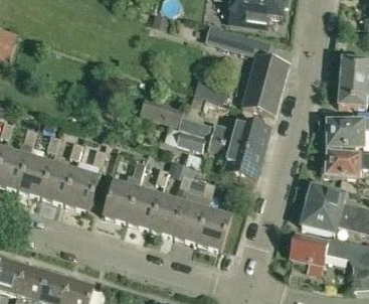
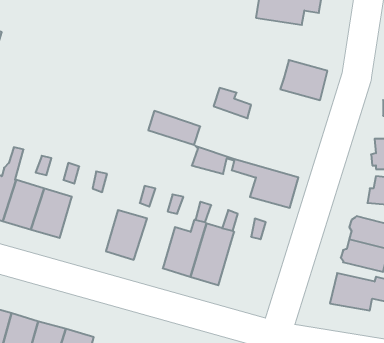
building: [205,26,256,56] -> none
building: [242,81,283,115] -> none
building: [179,116,271,154] -> none
building: [66,170,100,211] -> none
building: [128,188,162,230] -> none
building: [198,209,232,251] -> none

